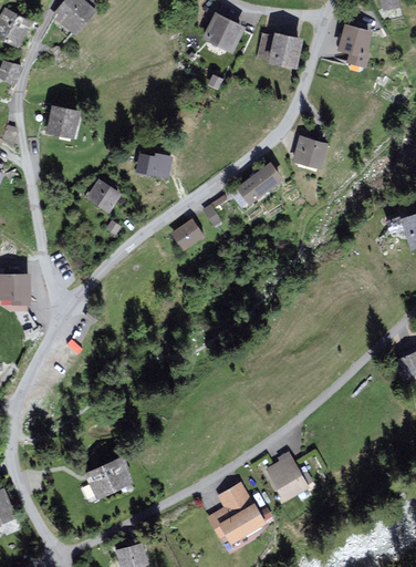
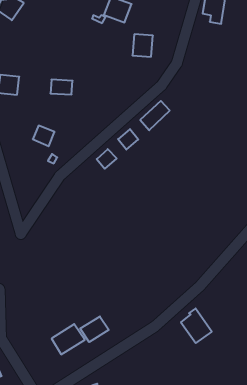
building: [270,32,301,65] -> [132,34,153,57]
building: [295,136,327,166] -> none
building: [138,153,170,176] -> [50,80,73,94]
building: none -> [80,316,109,342]
building: [209,484,263,540] -> none

